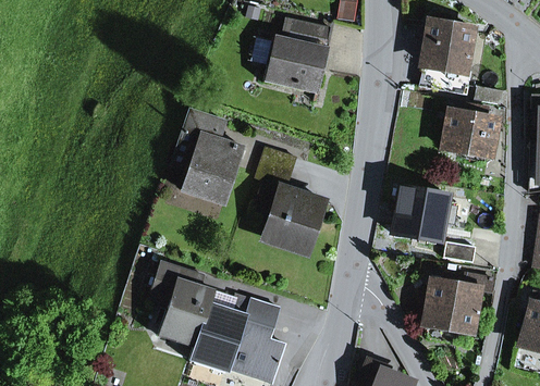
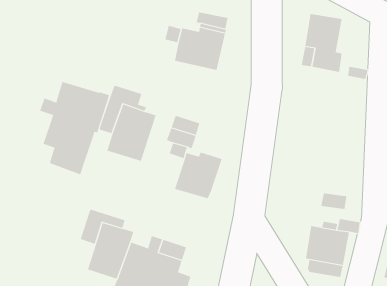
building: none -> [39,81,110,175]
building: [443,105,495,157] -> none
building: [393,187,447,239] -> none

